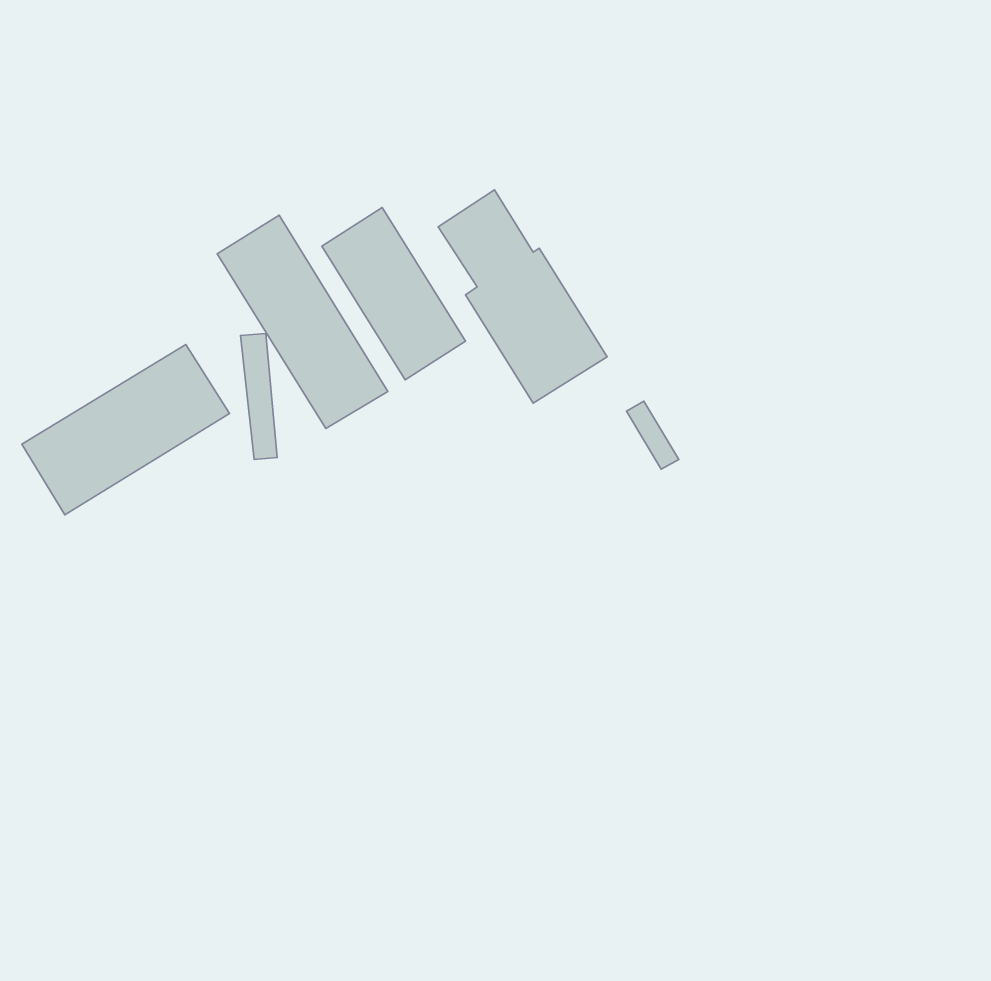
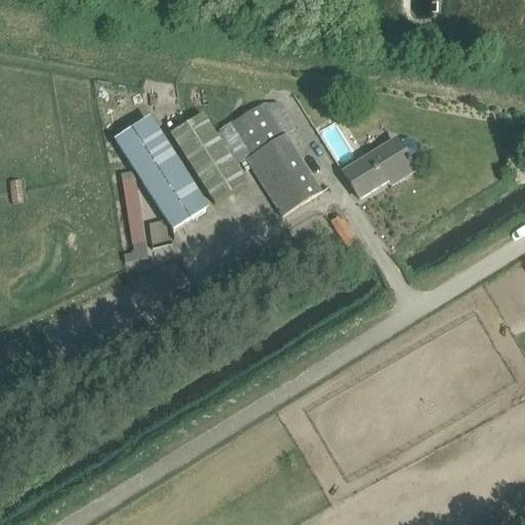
building: none -> [342,135,416,196]
building: [22,345,230,515] -> none

